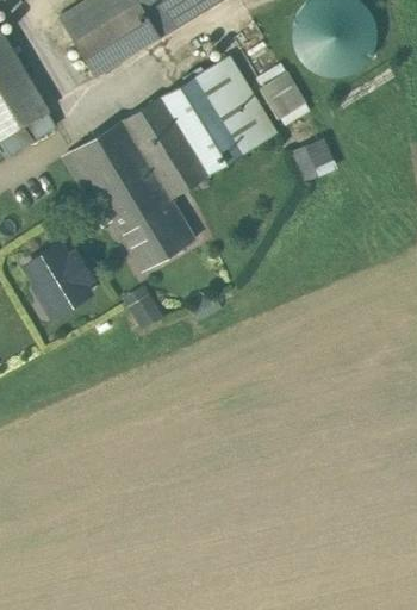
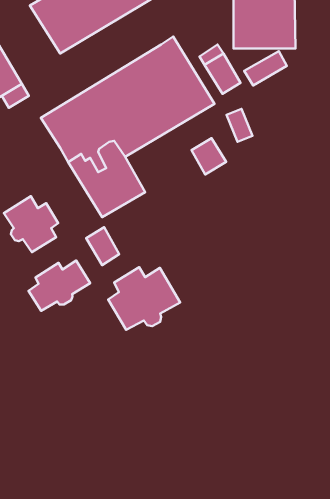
building: none -> [244,51,287,86]
building: none -> [191,138,226,175]
building: none -> [29,260,90,311]
building: none -> [108,267,180,330]

